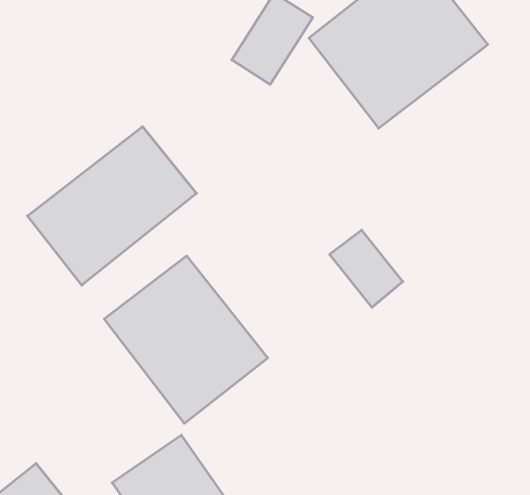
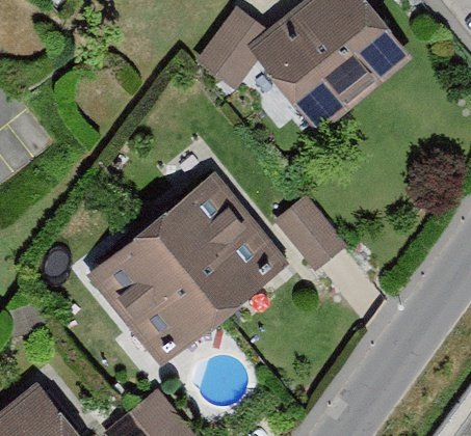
building: [27,127,197,285] -> none
building: none -> [161,181,281,305]

